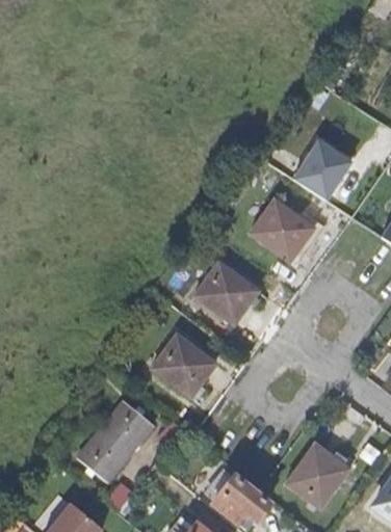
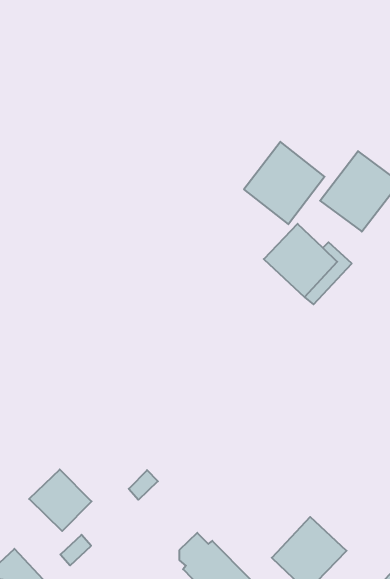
building: none -> [244,142,325,224]
building: [193,262,258,325] -> none
building: [149,335,211,396] -> none
building: [99,400,154,454] -> none

